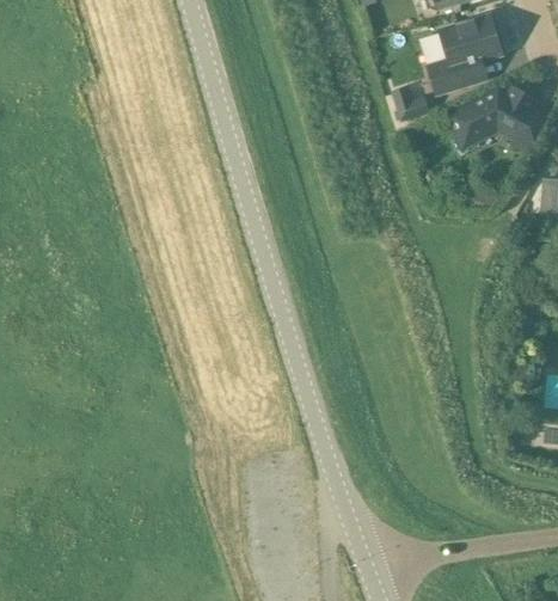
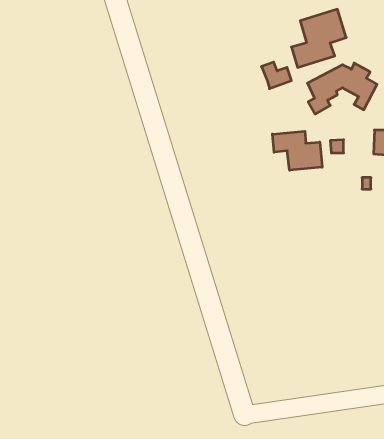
building: none -> [272,131,322,170]

